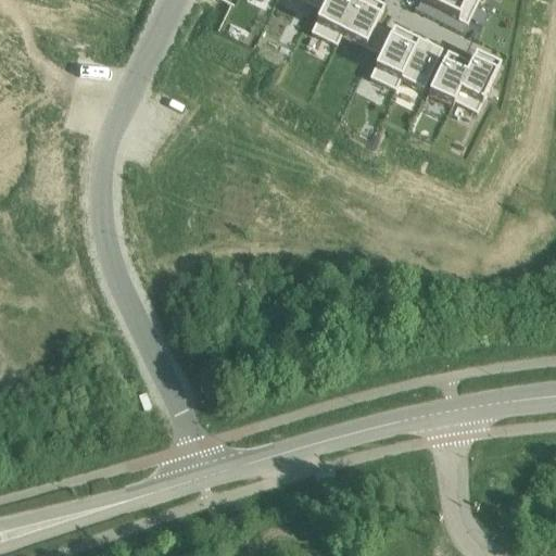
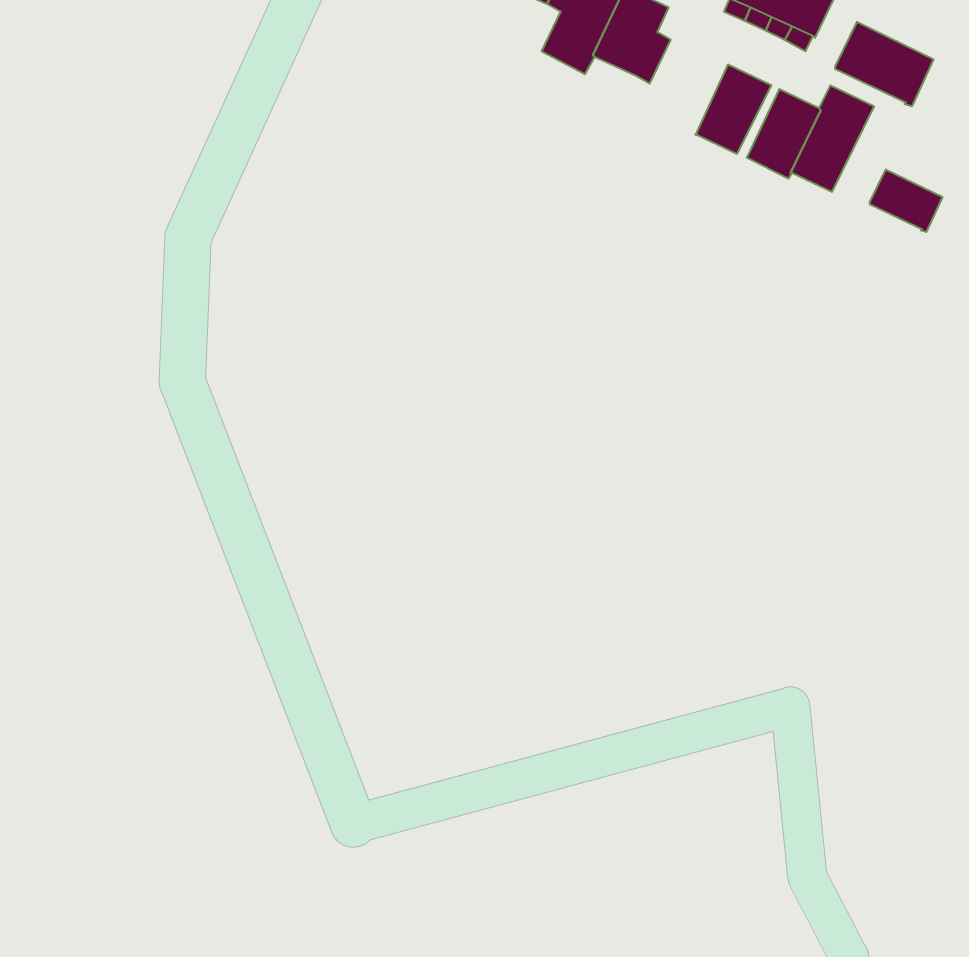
building: none -> [835,22,934,106]
building: [368,23,416,87] -> none
building: none -> [870,169,942,232]

